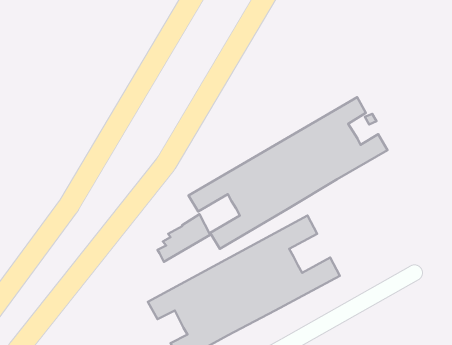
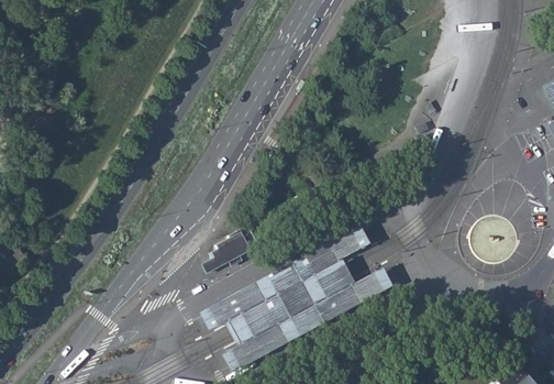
building: [189,97,388,249] -> none

